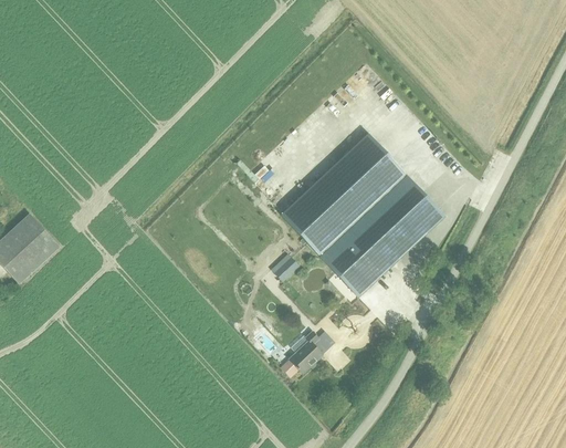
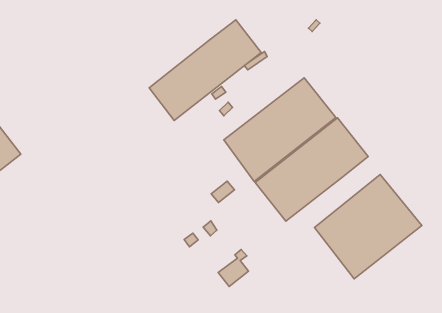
building: none -> [149,20,261,121]
building: none -> [314,175,422,279]

